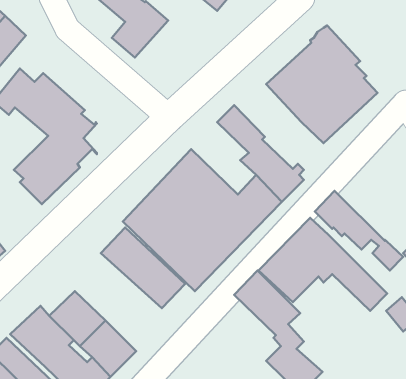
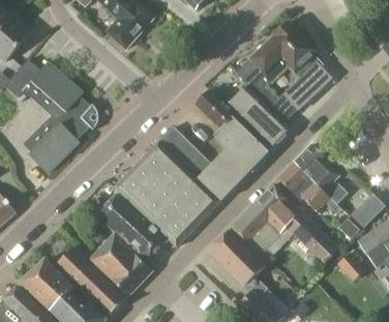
building: none -> [227,86,290,148]
building: none -> [294,144,348,204]
building: none -> [90,233,152,296]

